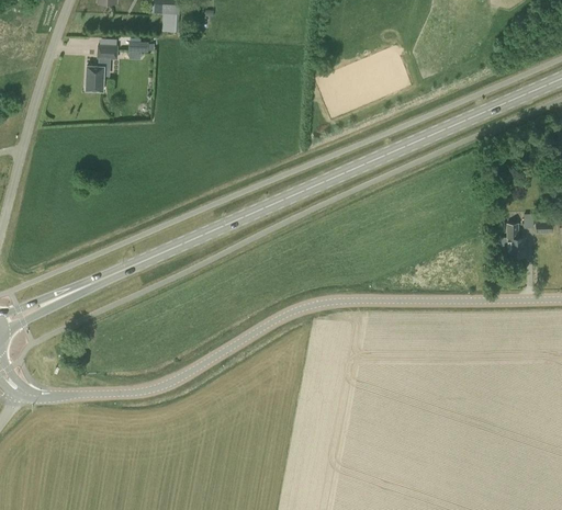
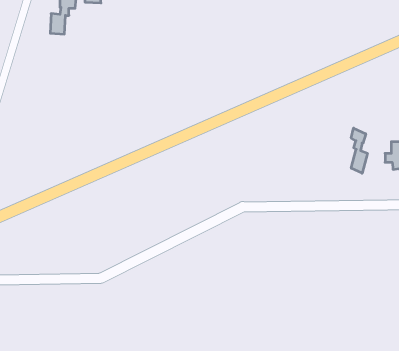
building: none -> [351,128,367,173]

